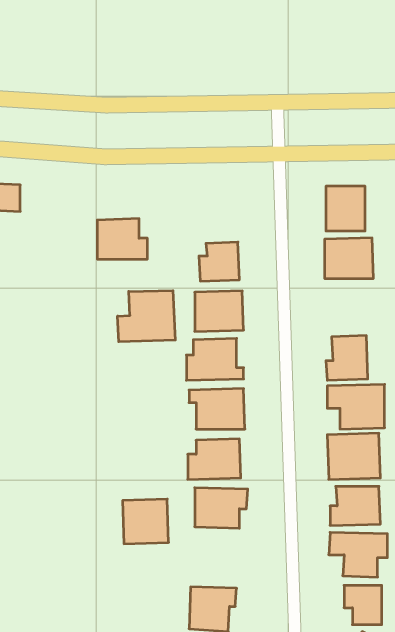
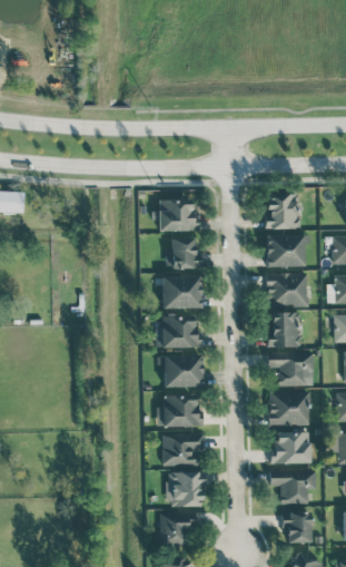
building: [97,219,147,259] -> [159,199,199,232]
building: none -> [267,273,308,309]
building: [118,291,175,342] -> none
building: [123,499,169,544] -> [167,472,204,508]

